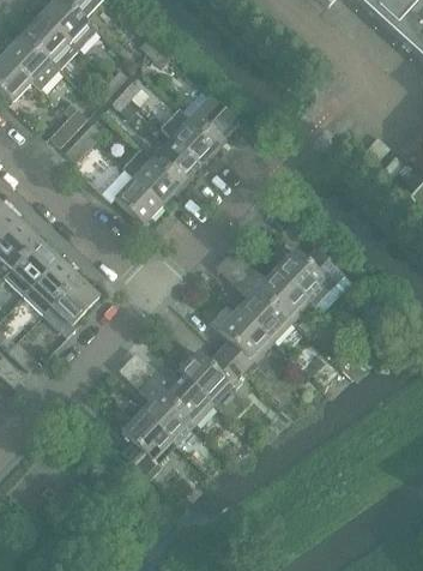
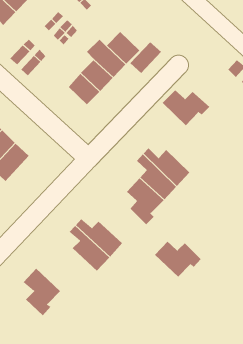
building: none -> [129,41,162,74]
building: [101,167,161,222] -> none
building: [274,246,344,299] -> [162,89,210,126]
building: [43,275,98,333] -> none
building: [177,348,246,401] -> [154,241,201,277]
building: [120,408,175,477] -> [23,268,61,316]

